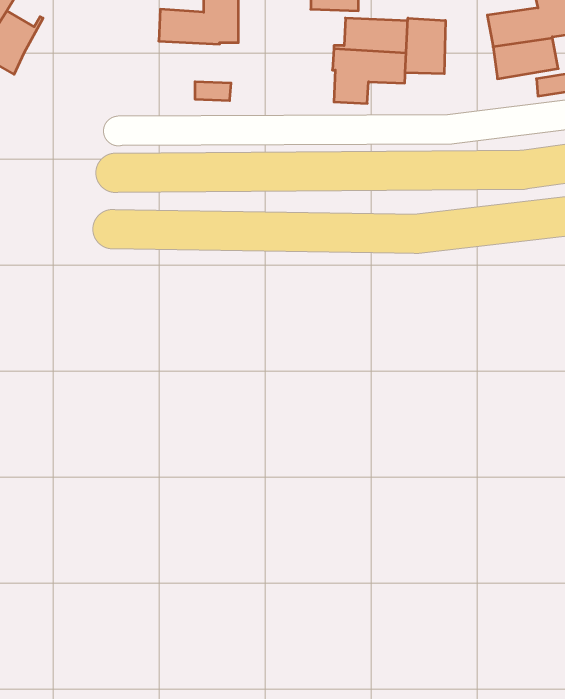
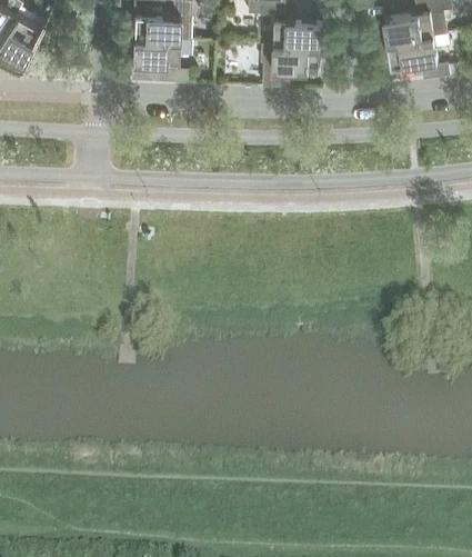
building: [405,18,445,74] -> none
building: none -> [130,37,178,63]

